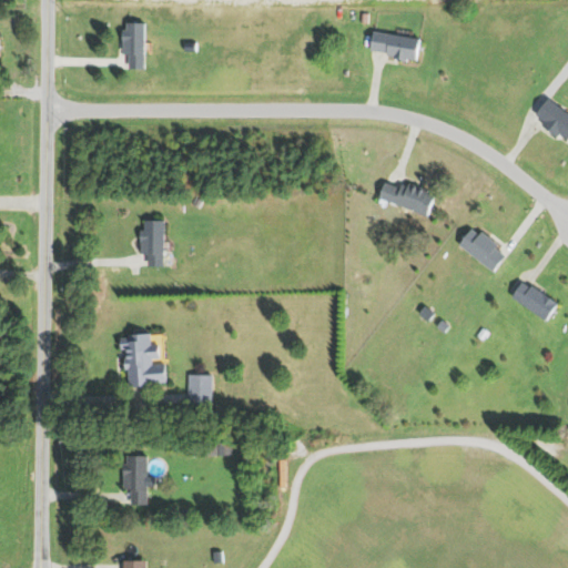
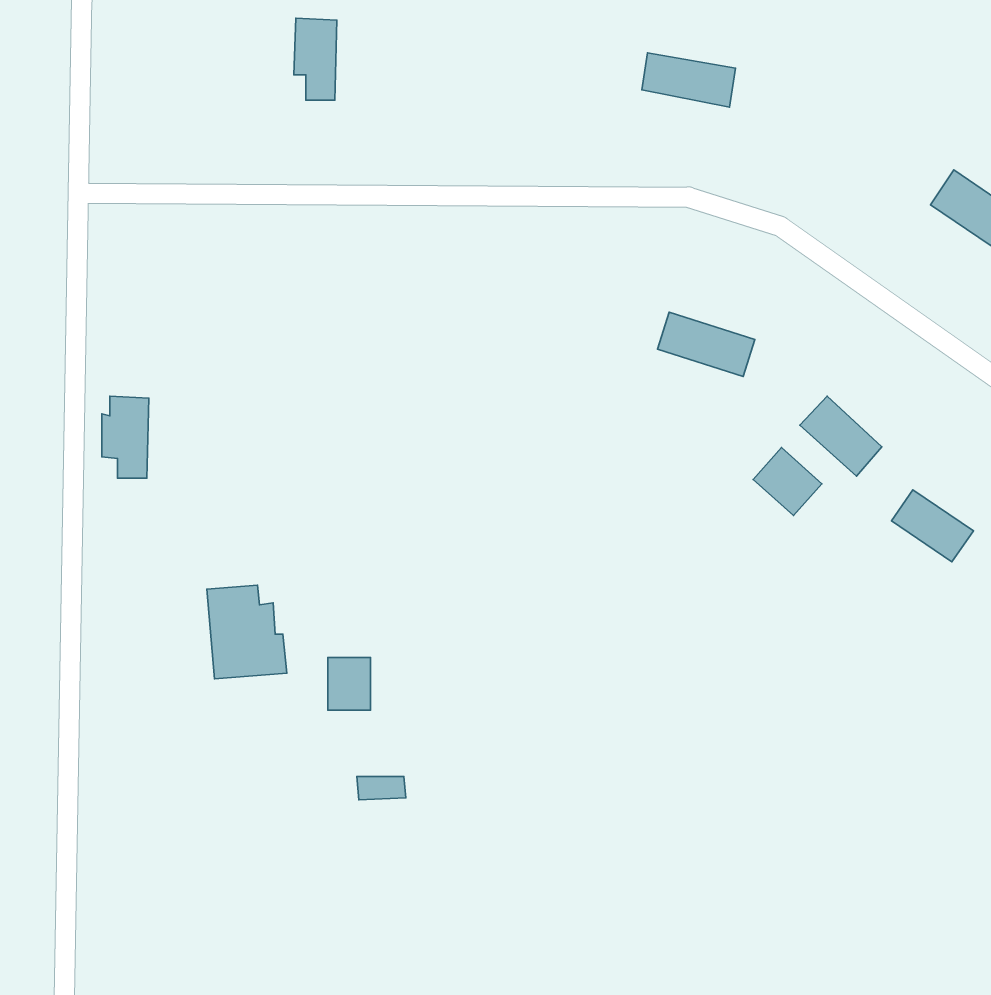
building: [122,22,146,69] -> [294,18,337,100]
building: [139,220,165,266] -> [102,396,149,478]
building: none -> [753,448,822,516]
building: [124,456,156,506] -> none

